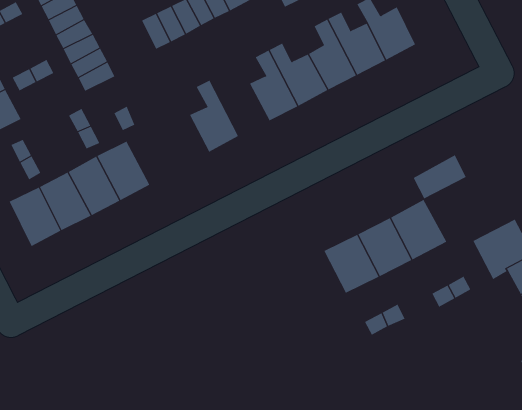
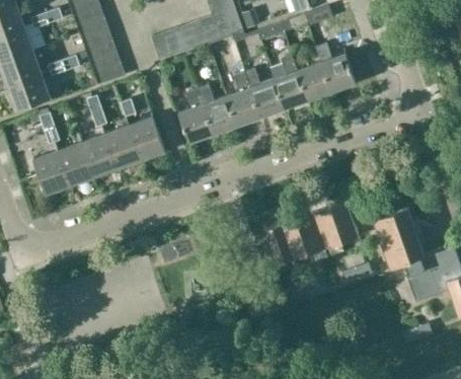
building: none -> [197,84,237,134]
building: none -> [128,117,165,161]
building: [413,155,466,199] -> [372,207,412,237]

